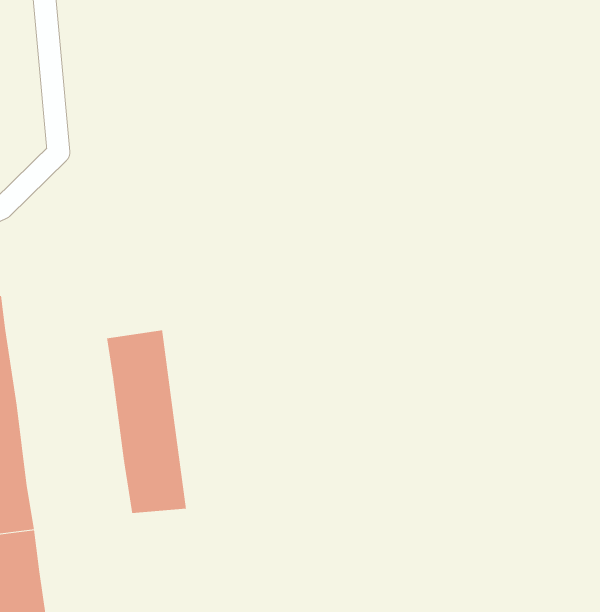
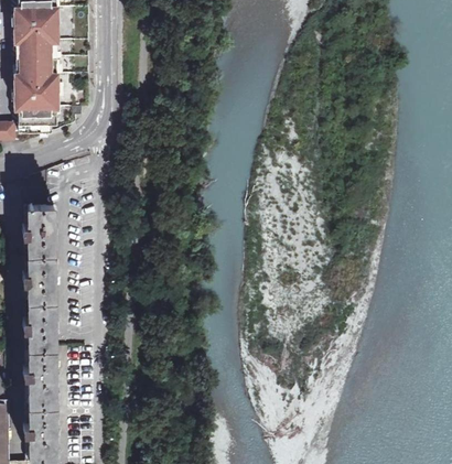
building: [107,329,186,514] -> none

